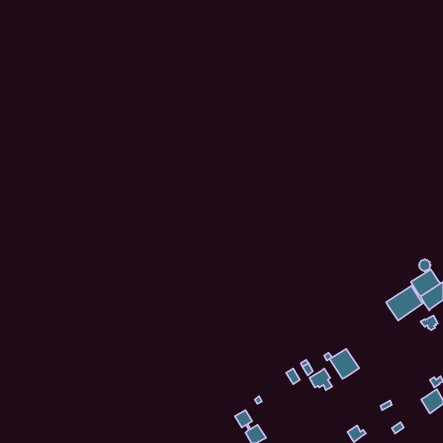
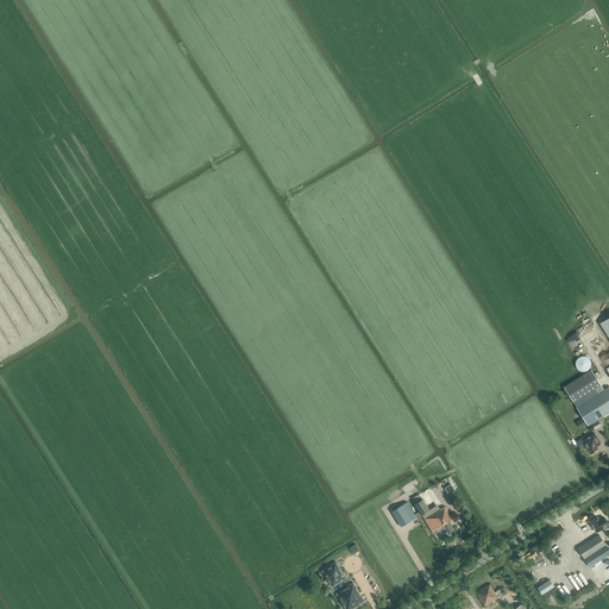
building: [386,286,422,320] -> none
building: [330,349,359,379] -> none

